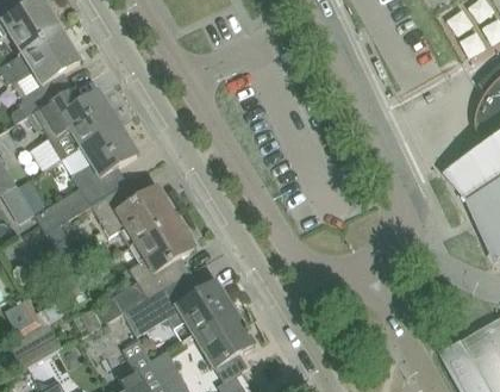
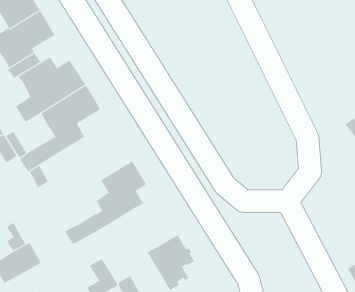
building: [90,178,177,243] -> none
building: [124,275,235,334] -> none

